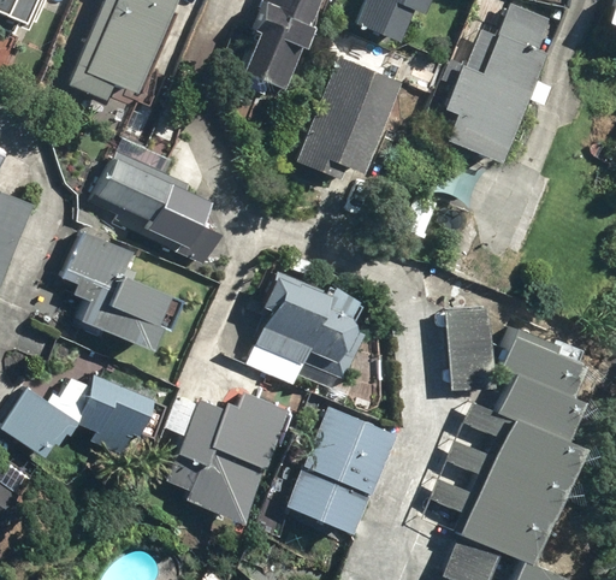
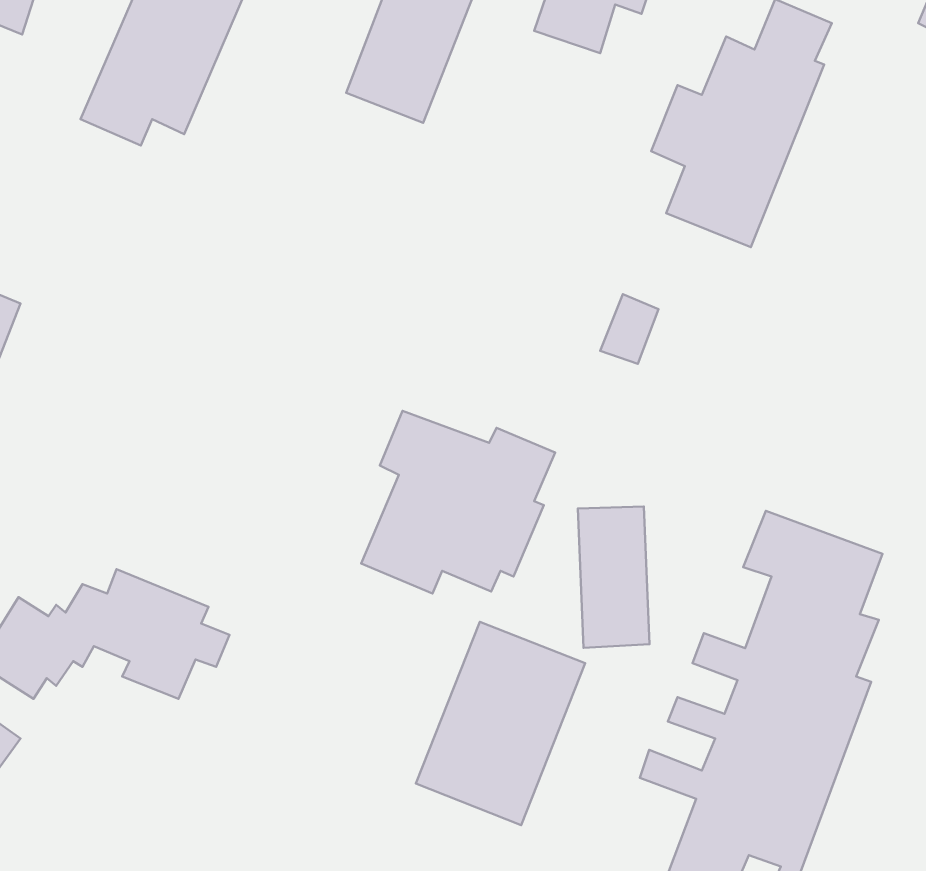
building: [298,54,403,178] -> none
building: [89,153,208,258] -> none
building: [60,227,178,354] -> none
building: [449,306,494,396] -> [578,507,649,648]
building: [168,389,291,523] -> none

